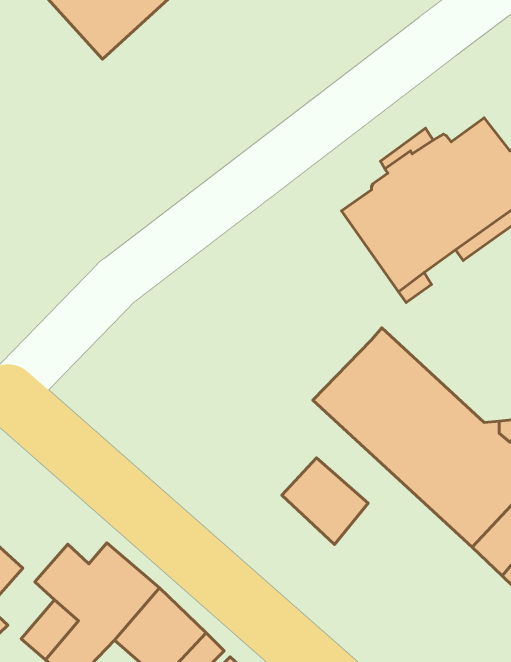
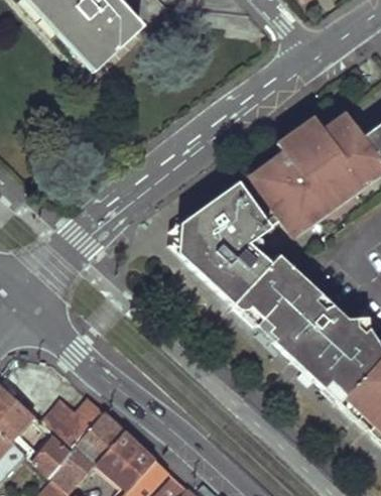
building: none -> [181,179,271,301]
building: [282,458,368,545] -> none

